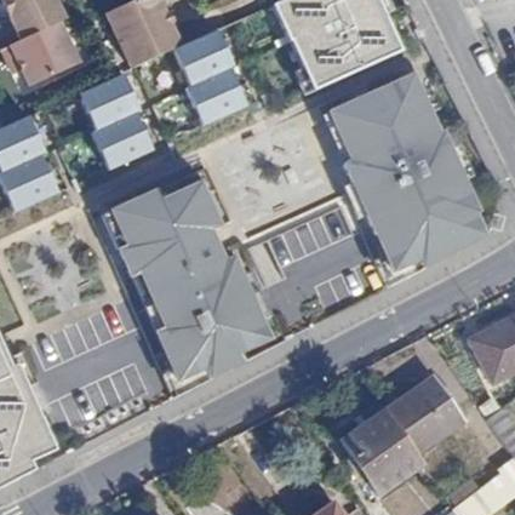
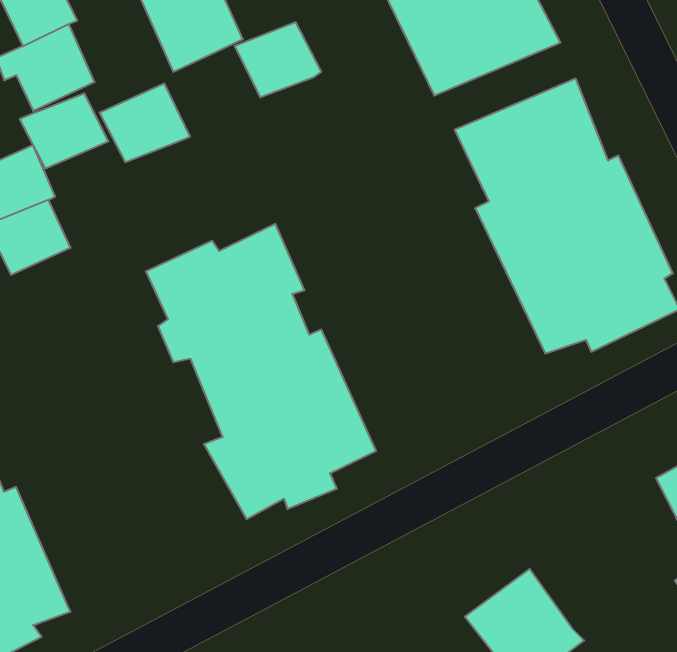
building: [184,65,245,119] -> none
building: [88,110,151,164] -> [20,93,108,169]
building: [382,380,459,457] -> none

